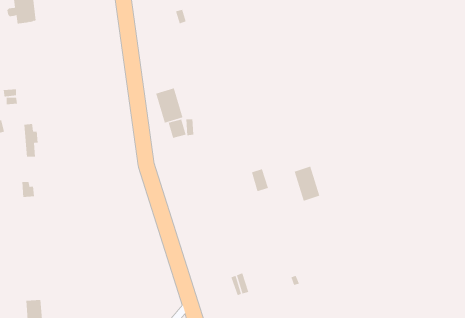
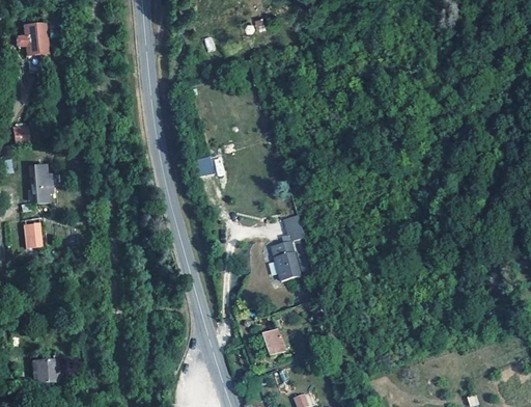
building: [156,87,183,124] -> none
building: [294,166,320,202] -> [273,239,302,278]

